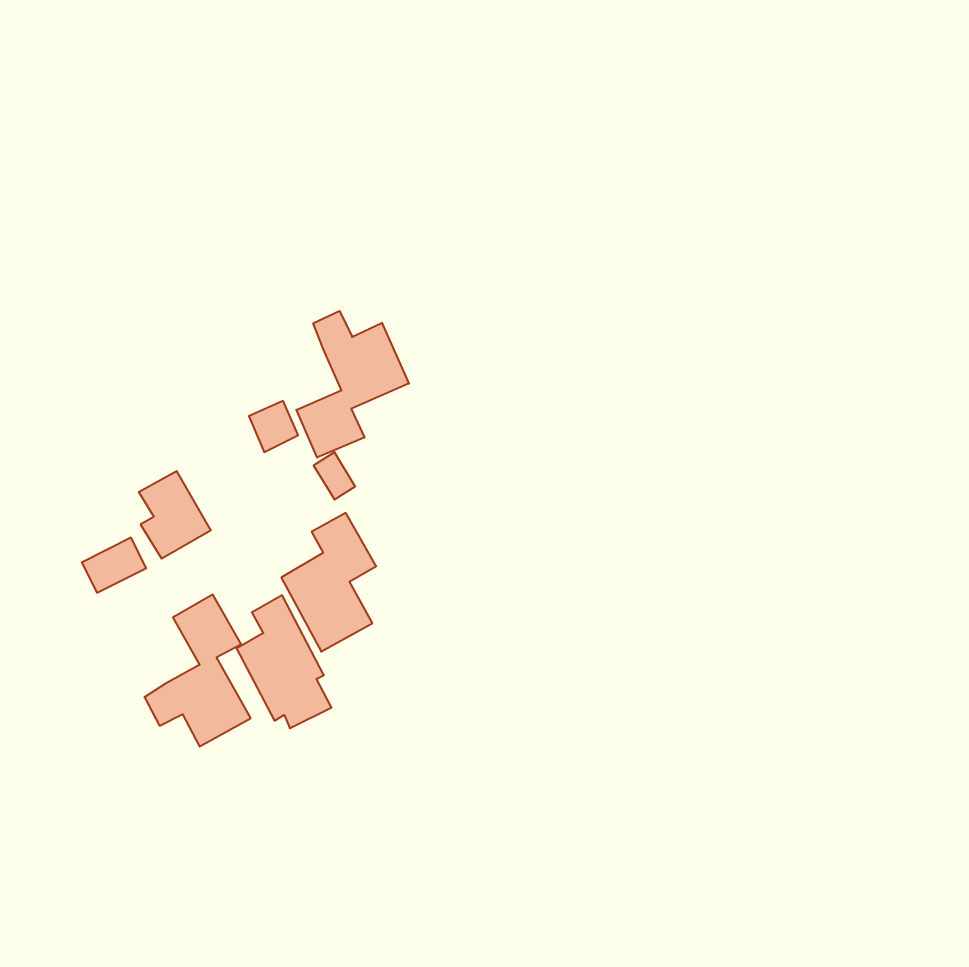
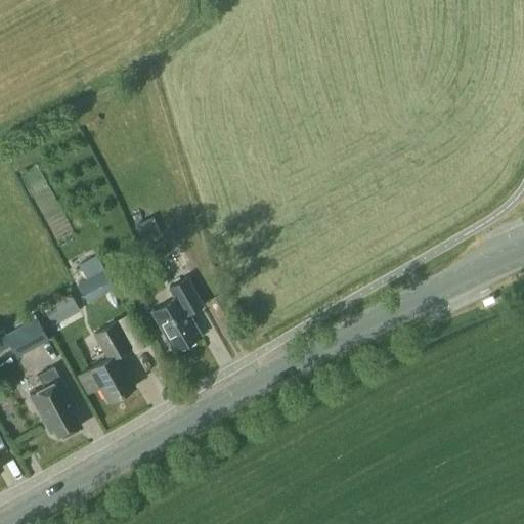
building: [296,311,409,458] -> none
building: none -> [5,317,48,356]
building: [237,595,332,728] -> [29,367,80,439]

